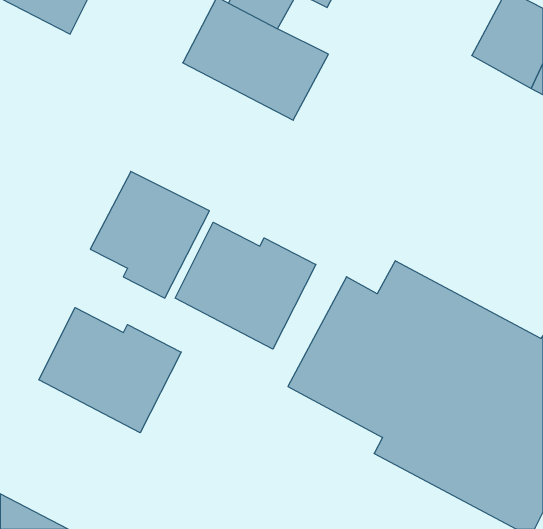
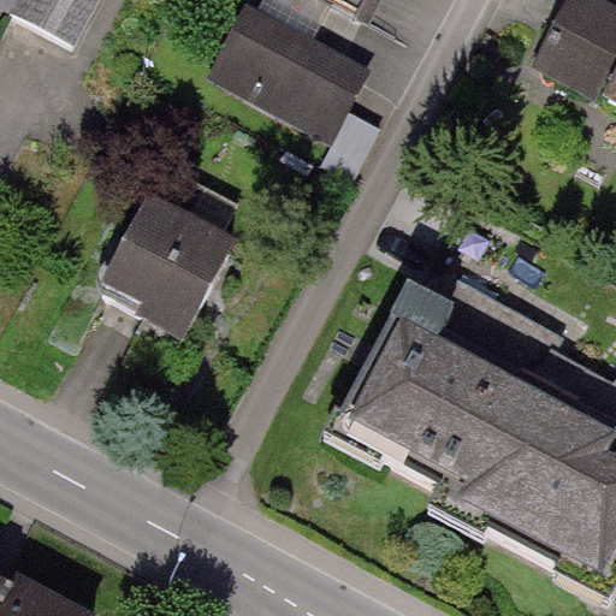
building: [175,222,316,349] -> none
building: [39,308,181,433] -> none

